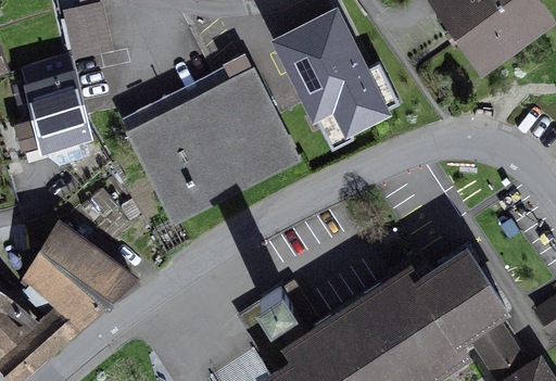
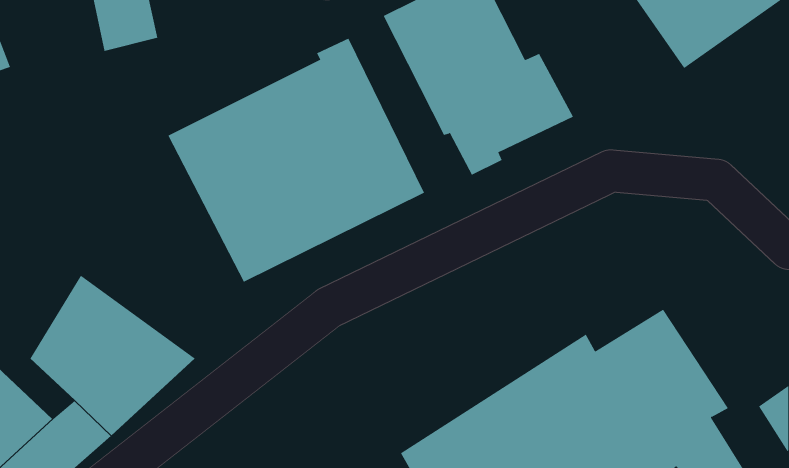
building: [13,54,111,190] -> none

